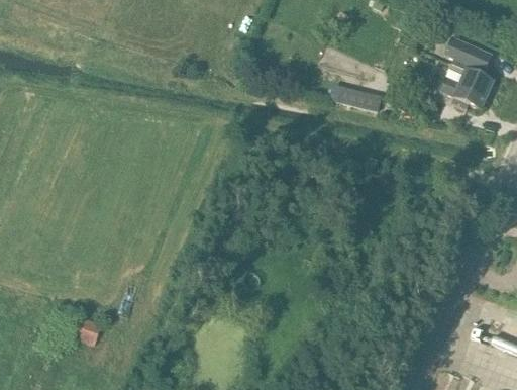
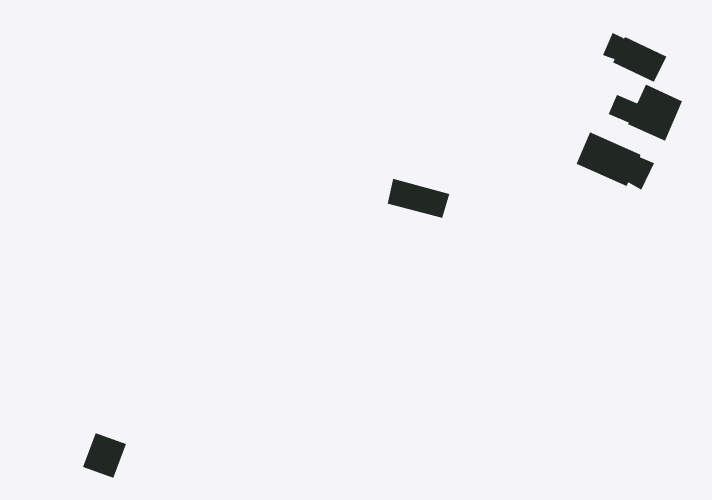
building: [340,84,385,112] -> [387,178,450,218]
building: none -> [576,132,655,190]

